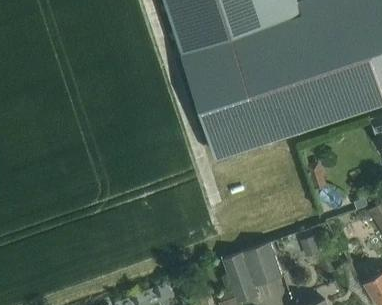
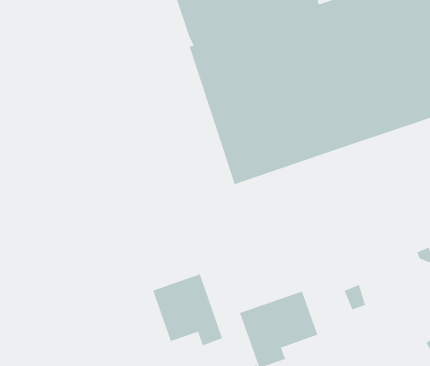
building: none -> [153,274,223,346]

